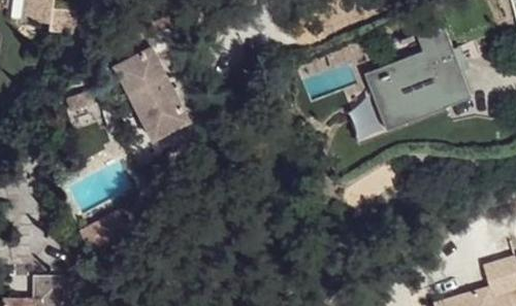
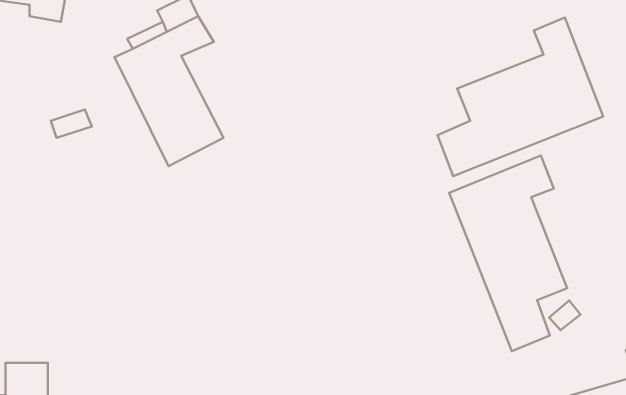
building: none -> [449,156,567,351]

